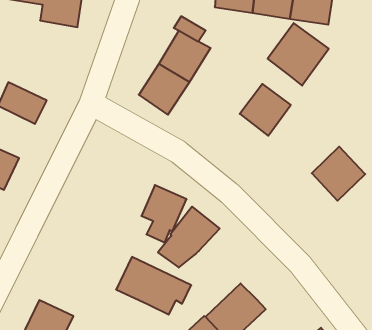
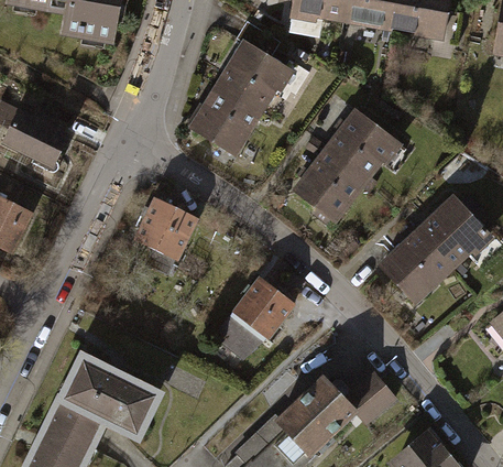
building: [268,23,329,86] -> none
building: none -> [293,153,360,220]
building: none -> [380,231,451,302]
building: [141,185,187,243] -> [136,198,196,274]
building: [116,257,191,315] -> [61,357,160,433]
building: none -> [345,371,395,422]

